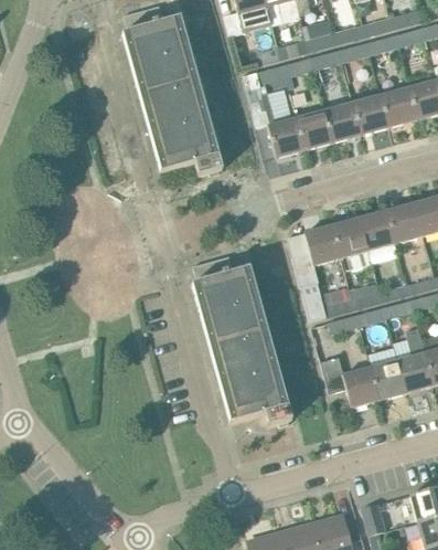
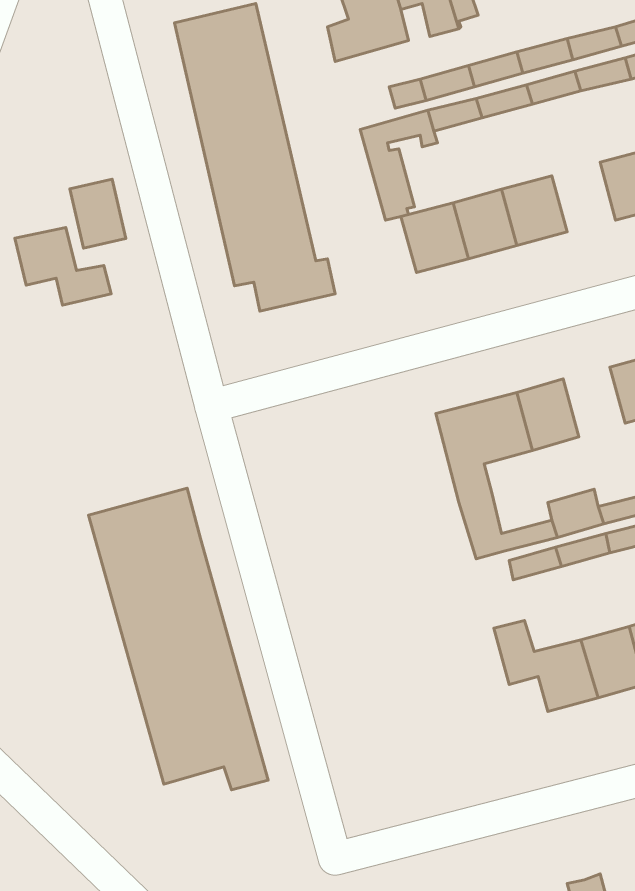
building: [353,94,389,134] -> none
building: none -> [70,179,126,248]
building: none -> [15,228,111,305]
building: [360,211,395,251] -> none
building: [189,253,291,425] -> [88,488,268,790]

